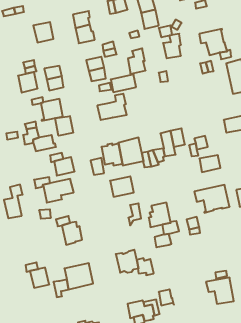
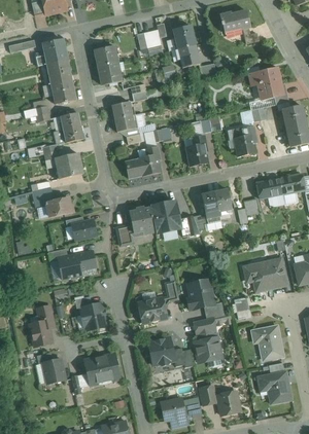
building: none -> [35,39,67,65]
building: [163,34,181,58] -> [234,125,255,155]
building: [128,48,146,74] -> [186,135,208,166]
building: [18,72,38,93] -> [52,79,75,104]
building: [55,116,73,136] -> none
building: [199,155,220,172] -> [256,178,282,198]
building: [110,176,134,197] -> [138,297,167,322]
building: [4,185,23,218] -> [30,304,53,346]
building: none -> [251,325,283,359]
building: none -> [195,330,221,361]
building: none -> [216,390,240,414]

